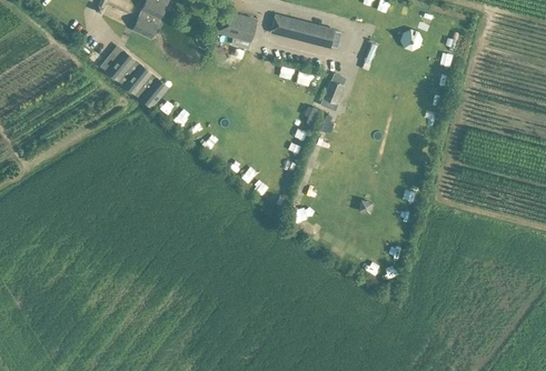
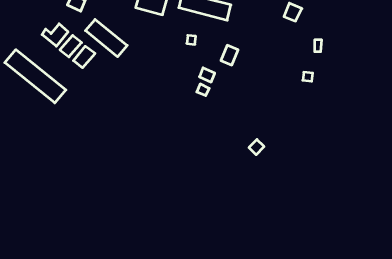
building: none -> [85,19,127,57]
building: none -> [5,50,66,103]

